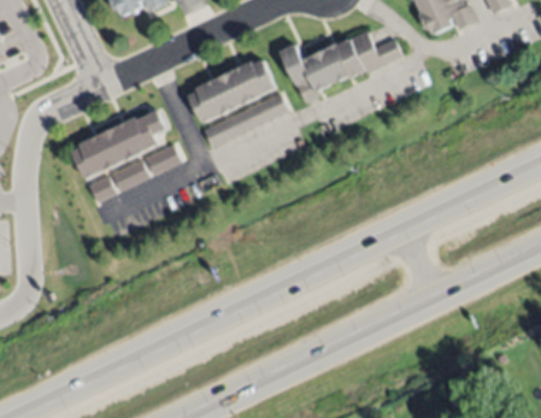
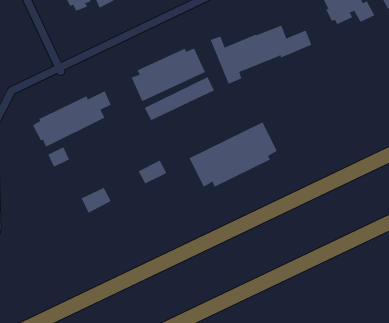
building: [146,146,181,175] -> [138,160,167,184]
building: none -> [189,121,278,188]
building: [111,160,147,192] -> [81,187,111,213]

